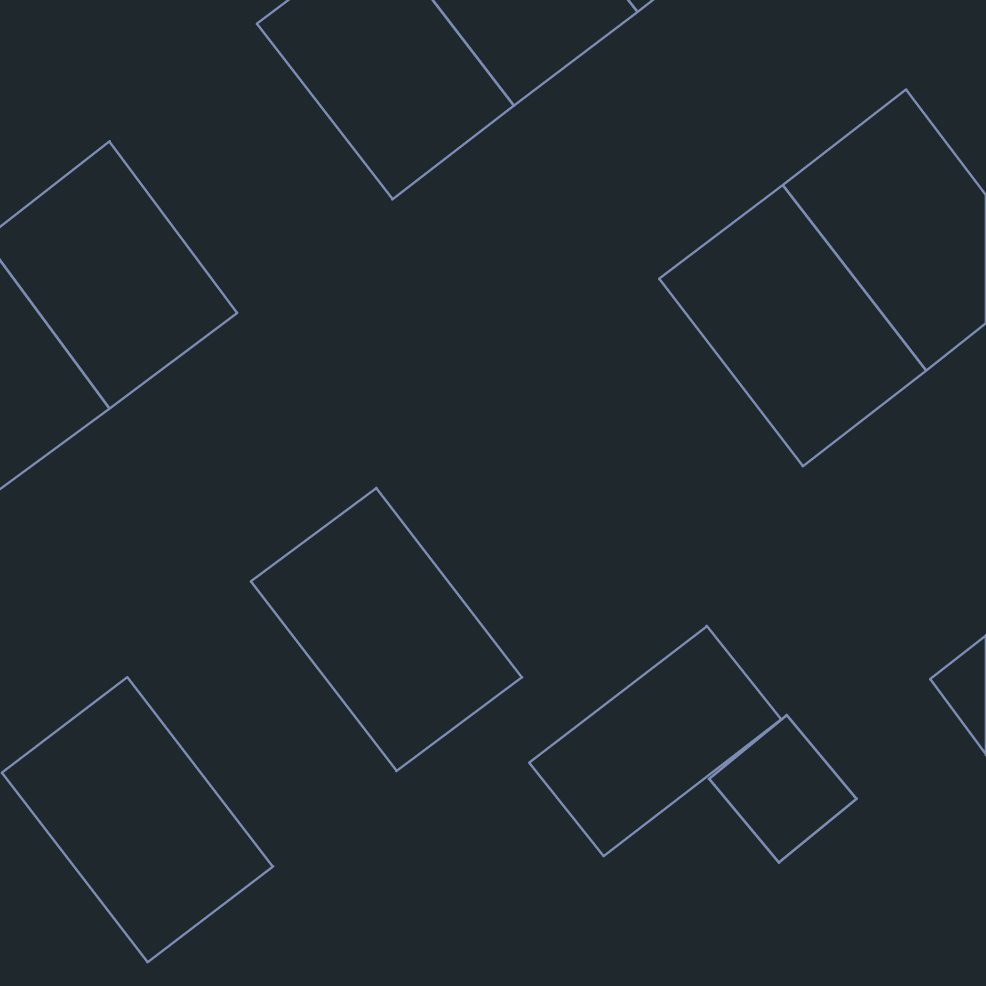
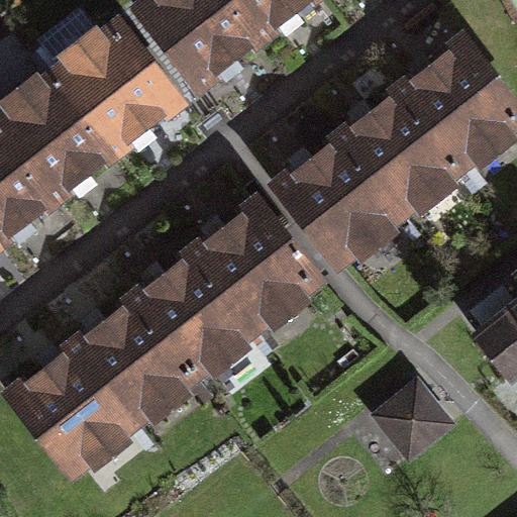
building: none -> [56,21,185,159]
building: none -> [272,141,407,284]
building: none -> [191,199,327,343]
building: none -> [65,295,201,439]
building: [529,626,781,856] -> none

